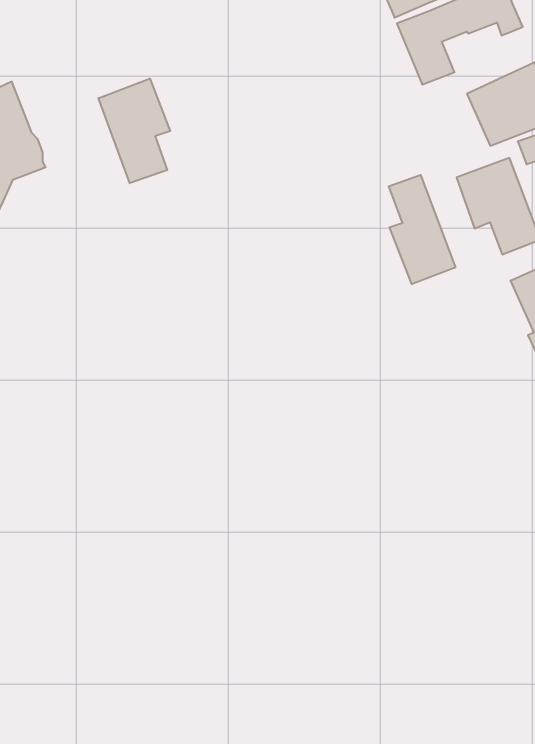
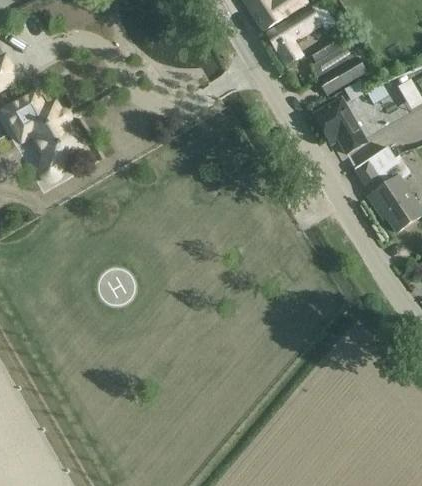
building: [98,79,170,183] -> none
building: [389,175,455,284] -> none

